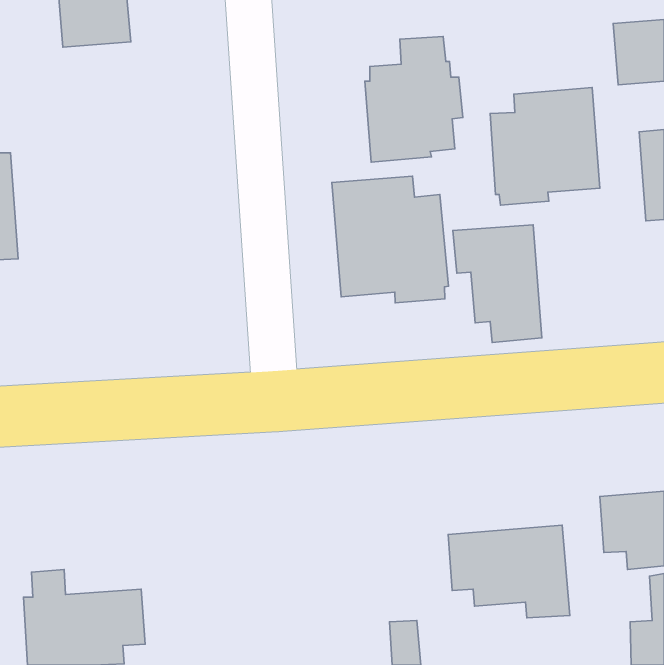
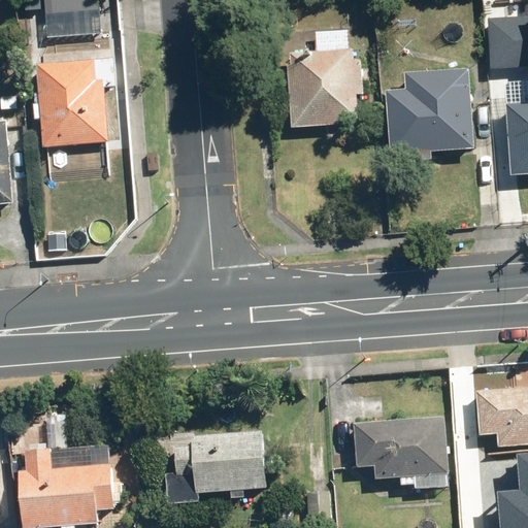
building: none -> [38,58,119,147]
building: [332,176,448,303] -> none
building: [453,225,542,342] -> none
building: none -> [167,429,266,503]

